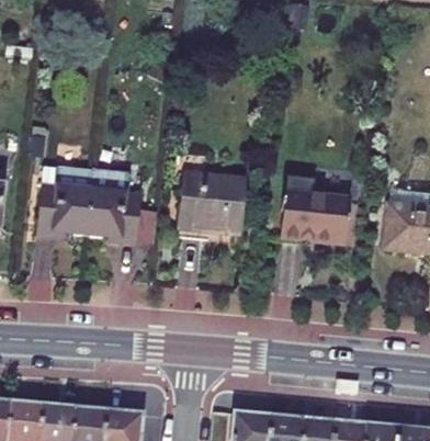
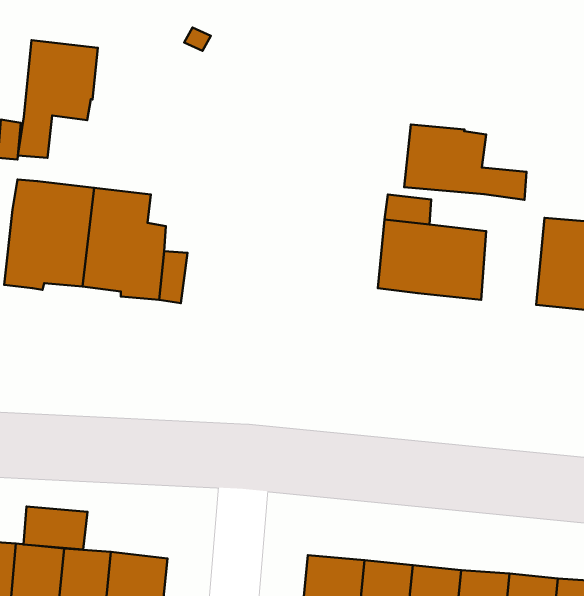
building: none -> [18,40,98,158]
building: none -> [404,125,526,200]
building: [178,170,247,233] -> none
building: none -> [23,506,88,549]

